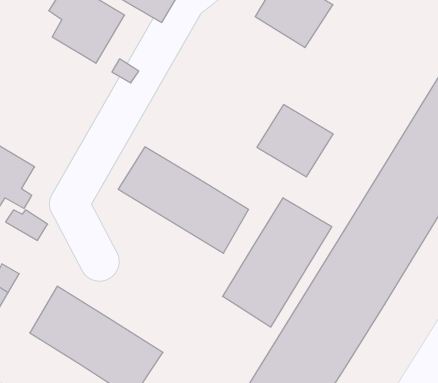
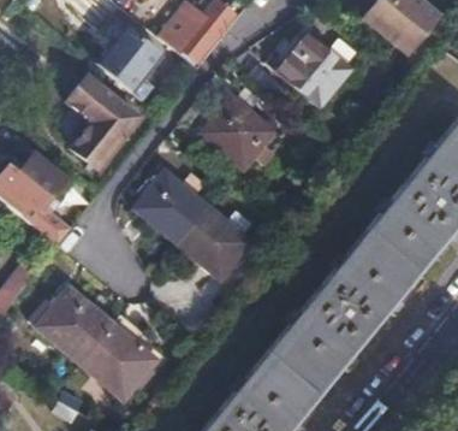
building: none -> [66,77,138,167]
building: [257,105,333,177] -> [203,98,273,165]
building: [223,198,332,327] -> none

